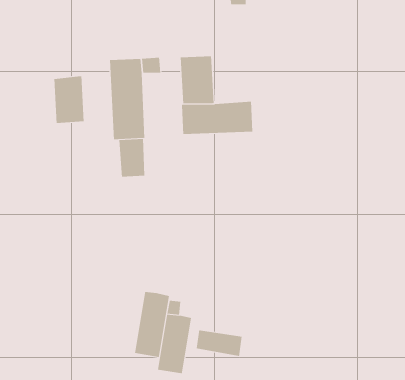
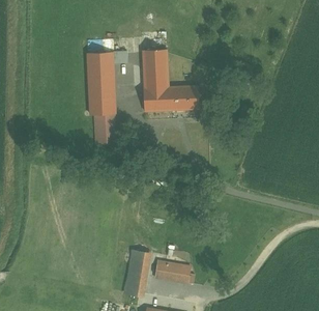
building: [54,75,84,124] -> none
building: [135,291,169,358] -> none

